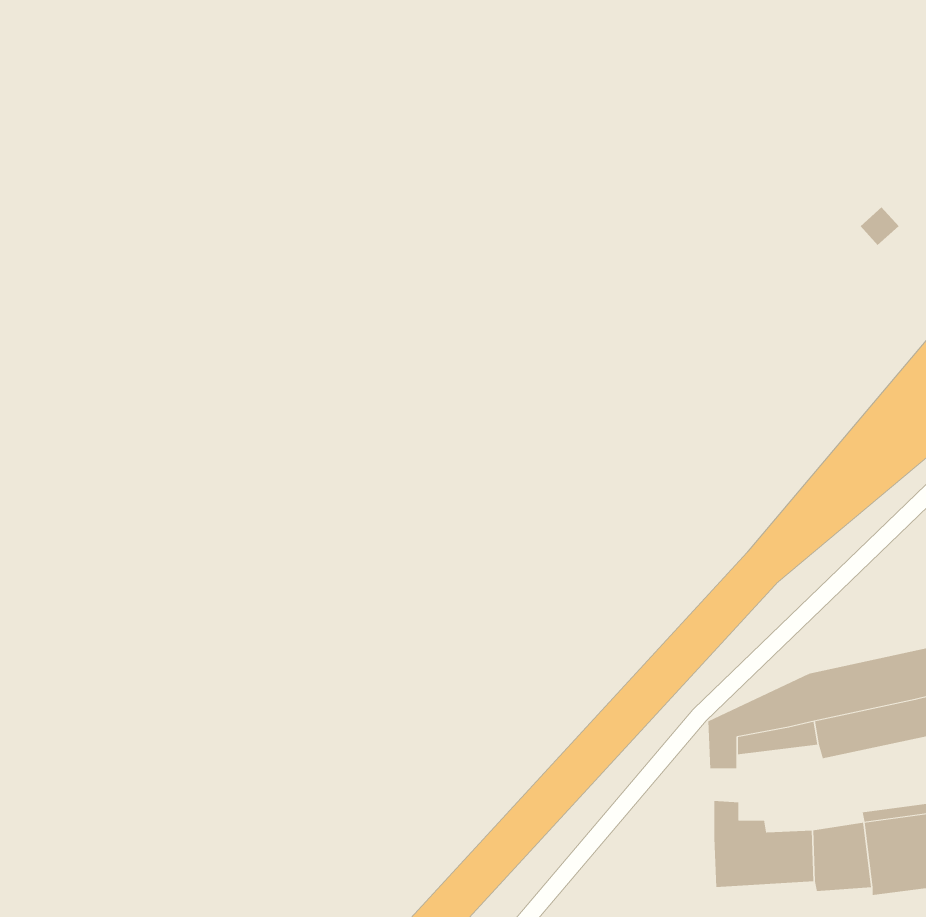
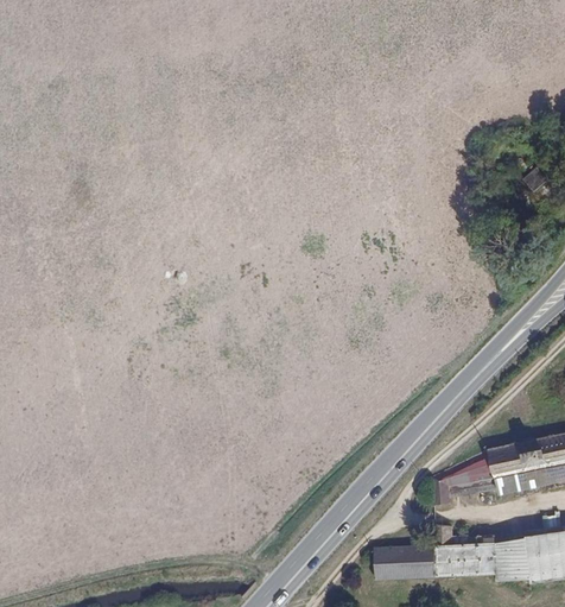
building: none -> [376,548,438,580]

